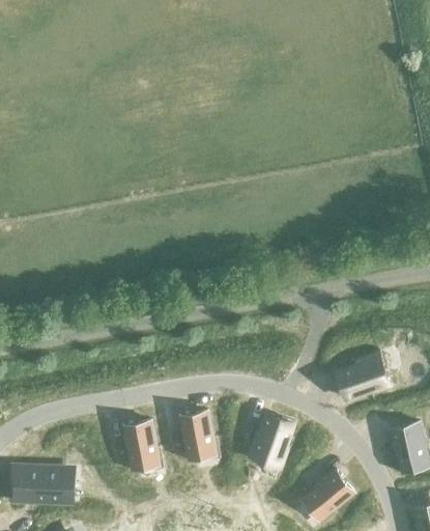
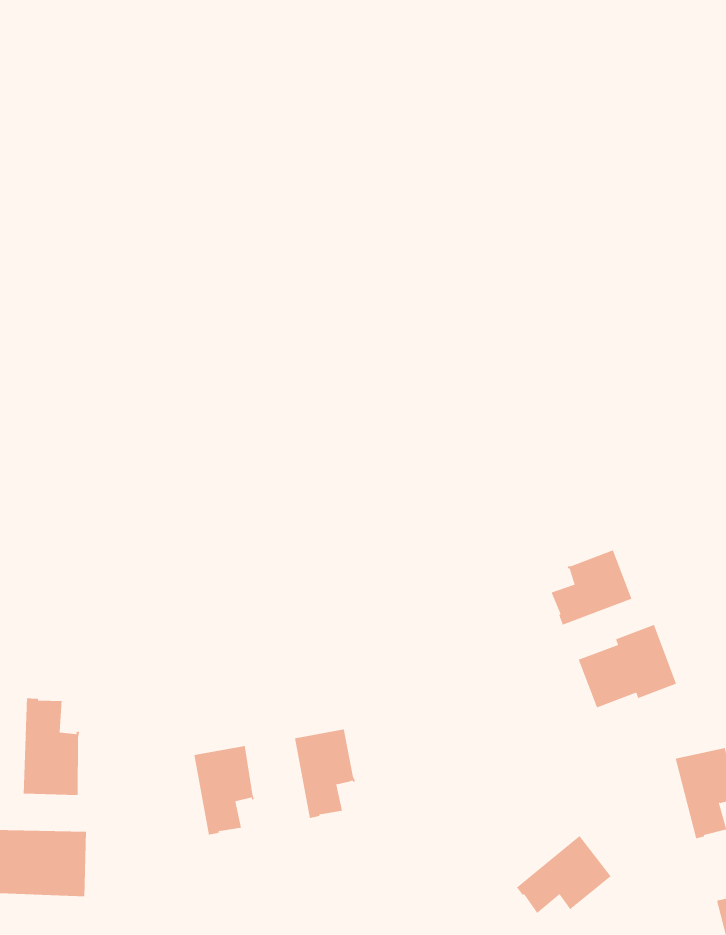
building: none -> [551,550,632,626]
building: none -> [23,698,80,796]
building: [248,414,294,469] -> none

